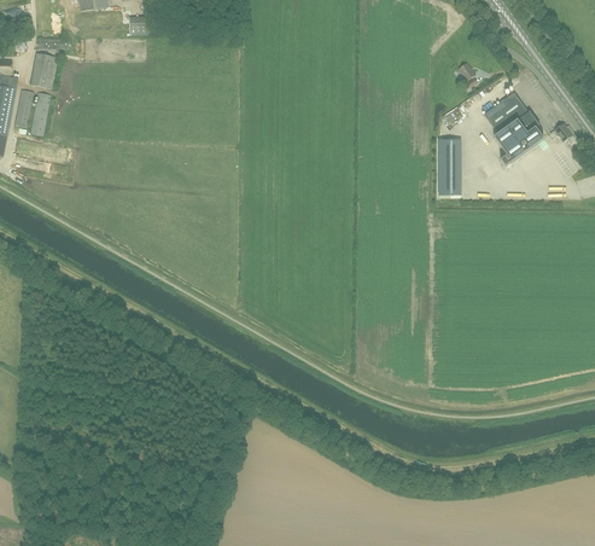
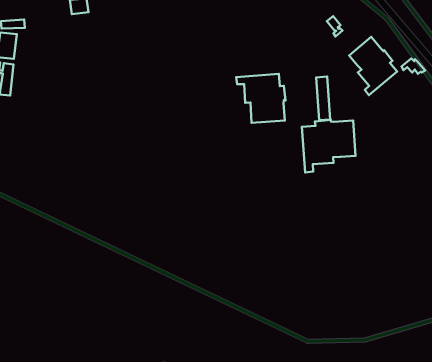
building: none -> [236,74,285,123]
building: none -> [302,120,356,172]

